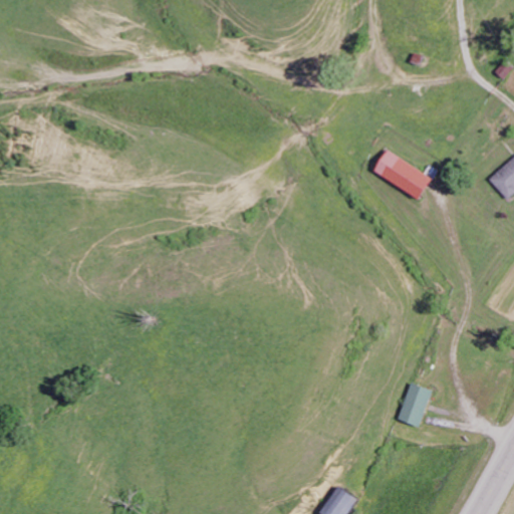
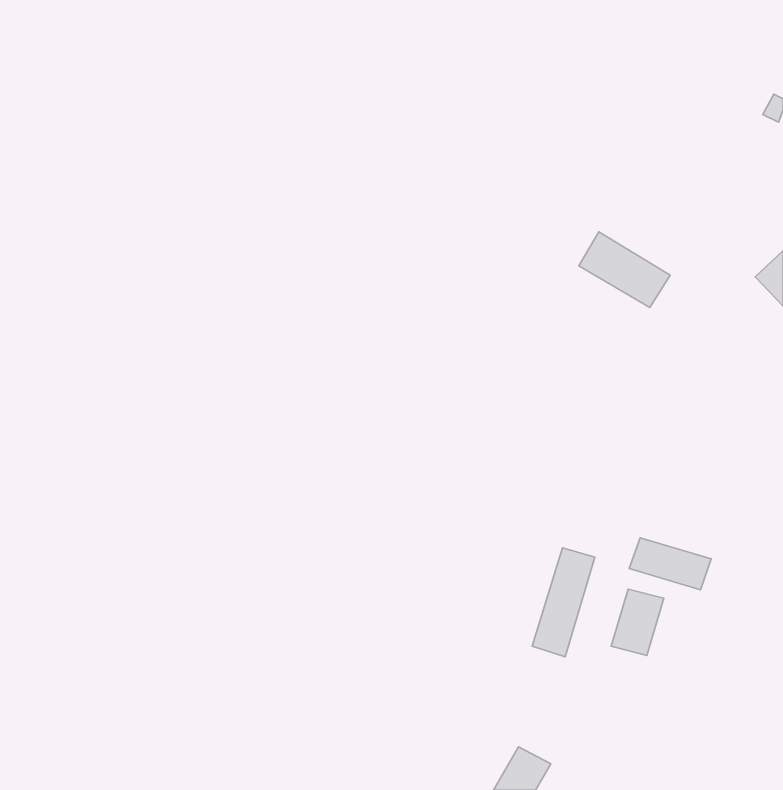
building: none -> [629,538,711,590]
building: none -> [532,548,595,657]

